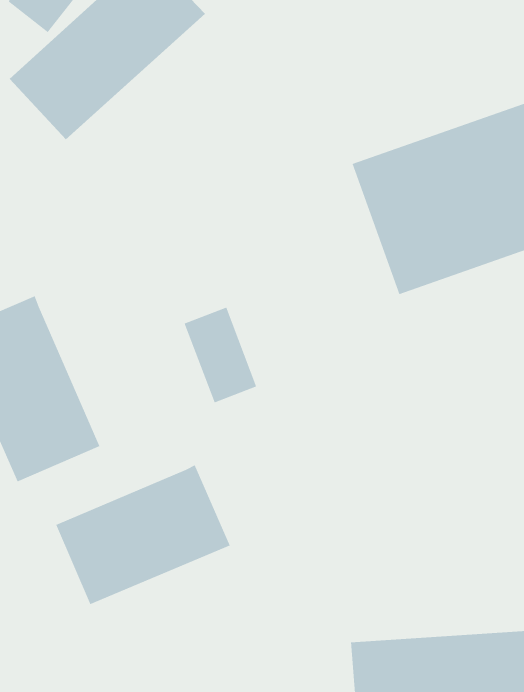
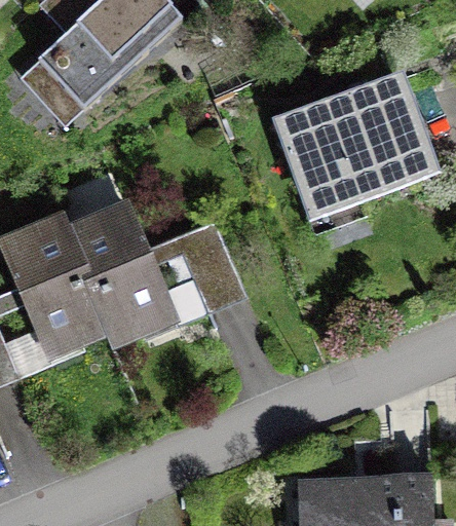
building: none -> [61,208,166,346]
building: [55,464,231,605] -> none

